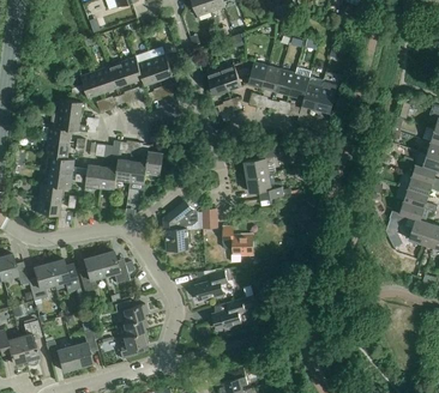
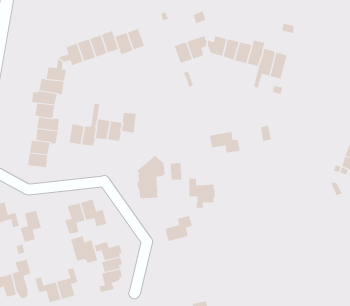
building: [245,147,276,177] -> none
building: [48,259,80,291] -> [70,235,98,264]
building: [212,297,253,332] -> none

